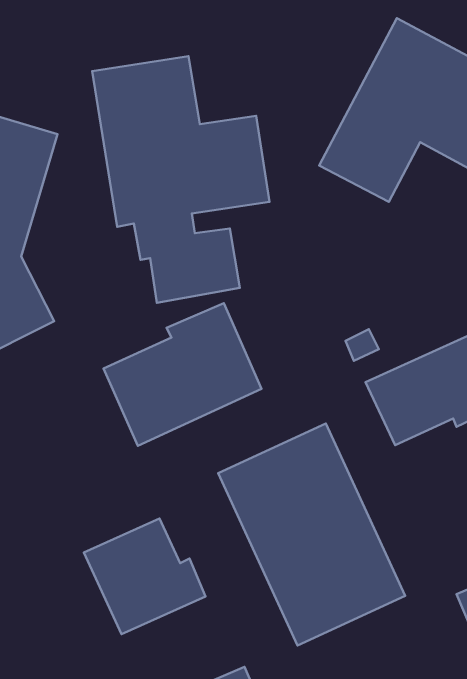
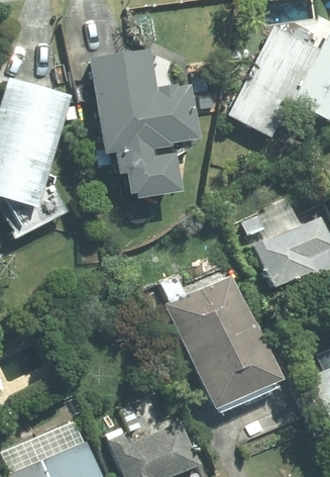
building: [103,303,262,446] -> none
building: [84,518,205,634] -> none

